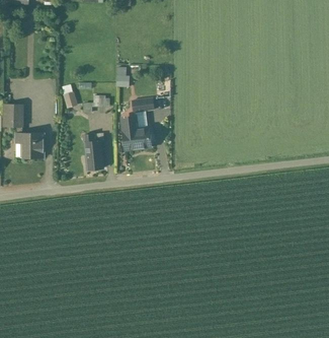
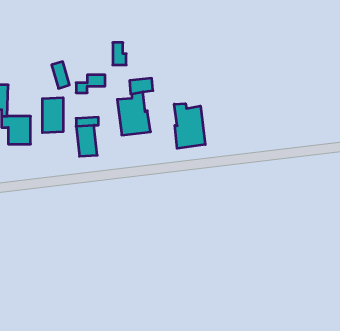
building: none -> [42,98,63,133]
building: none -> [174,104,205,148]

